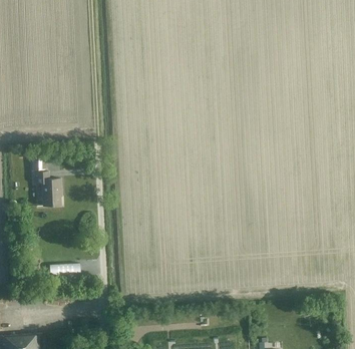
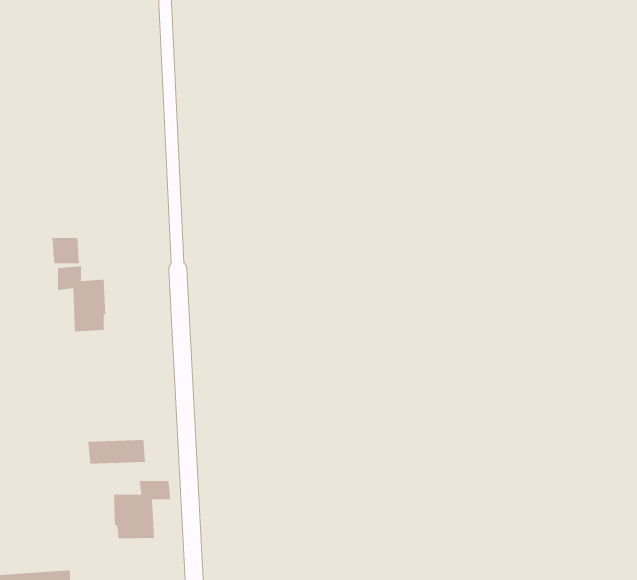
building: none -> [114,480,171,539]

